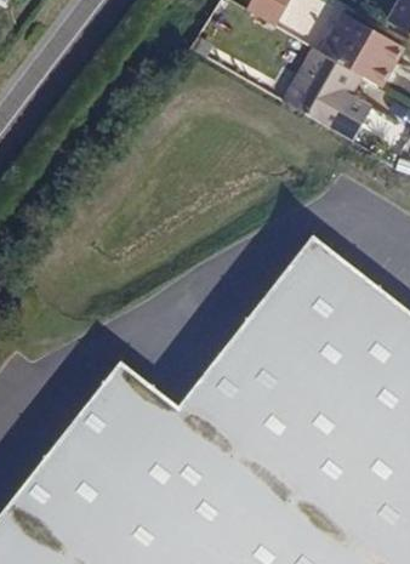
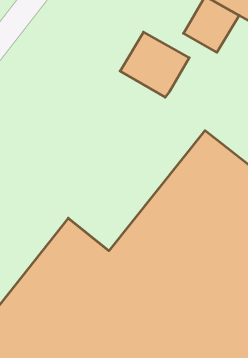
building: none -> [120,32,189,97]

